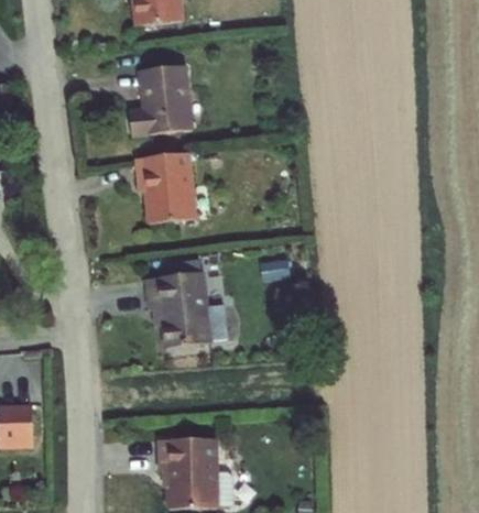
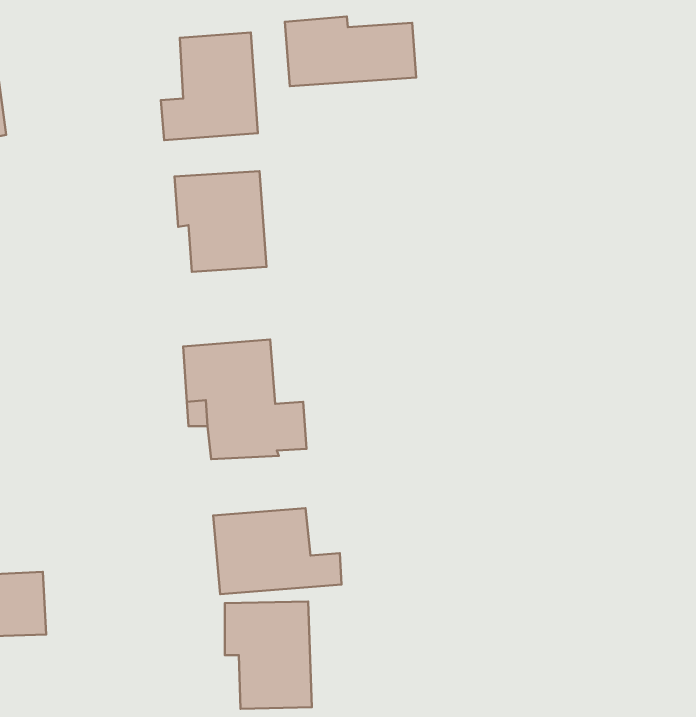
building: none -> [285,16,416,86]
building: none -> [213,508,342,594]

